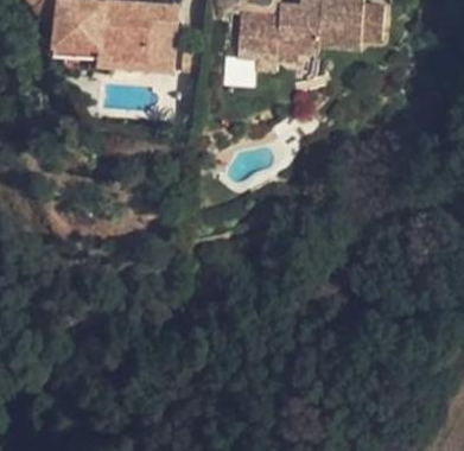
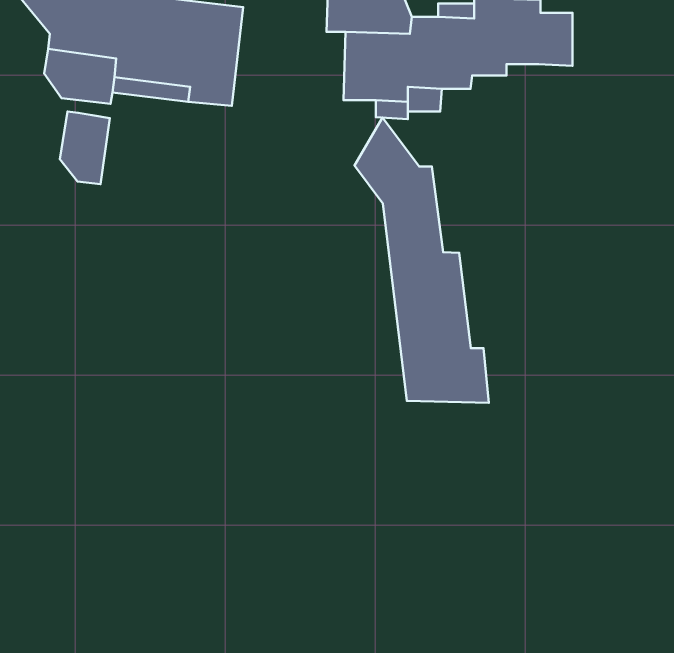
building: none -> [60,112,110,184]
building: none -> [355,118,489,403]

